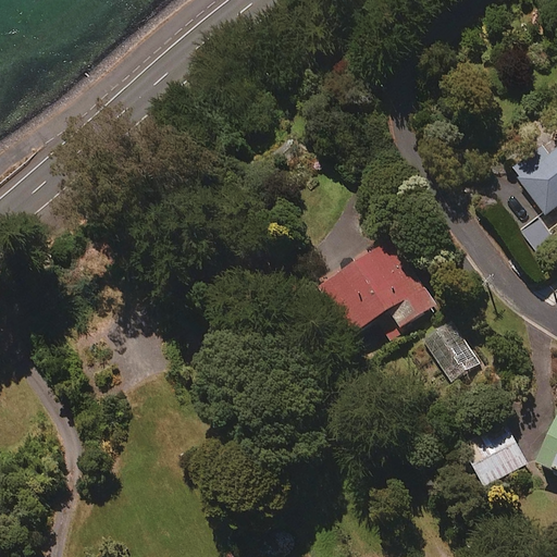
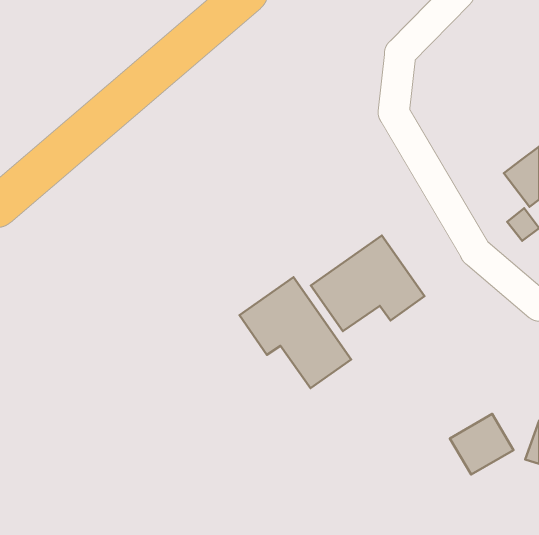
building: none -> [239,277,351,388]
building: [421,318,479,379] -> none

